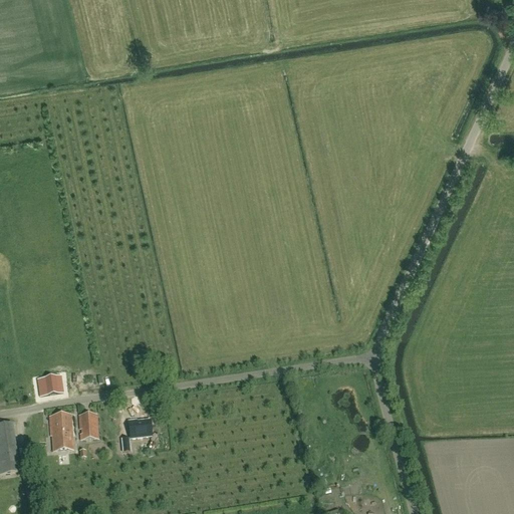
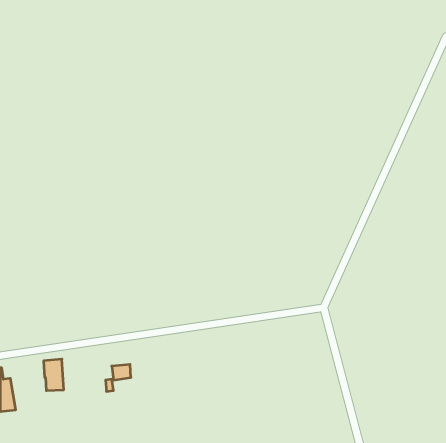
building: [38,373,64,394] -> none
building: [79,413,98,438] -> none

